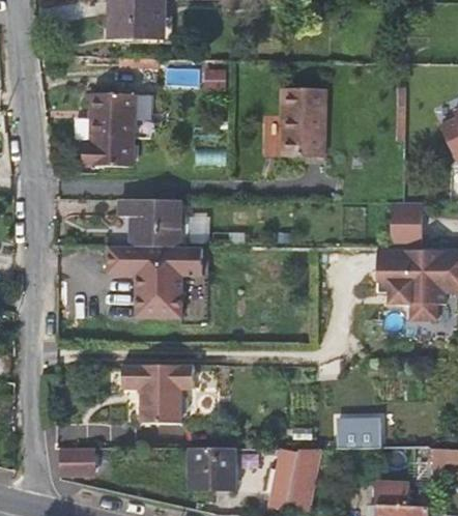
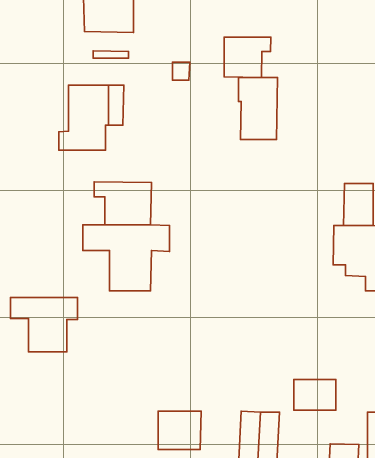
building: none -> [224,37,271,77]
building: [121,368,194,427] -> [10,297,77,352]
building: [59,448,93,475] -> none

